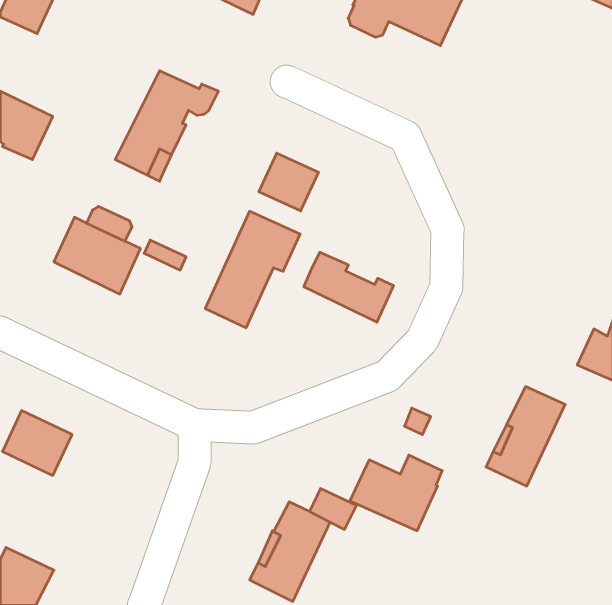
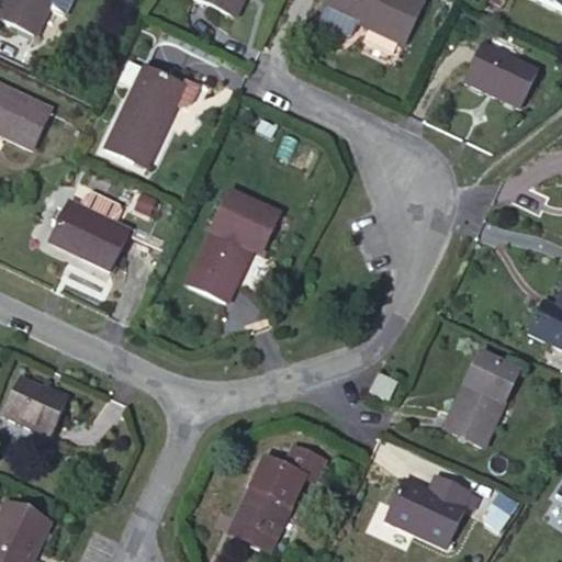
building: none -> [465,44,538,106]
building: [259,153,318,211] -> none
building: [304,252,393,322] -> none
building: [350,455,442,531] -> [386,477,471,547]

